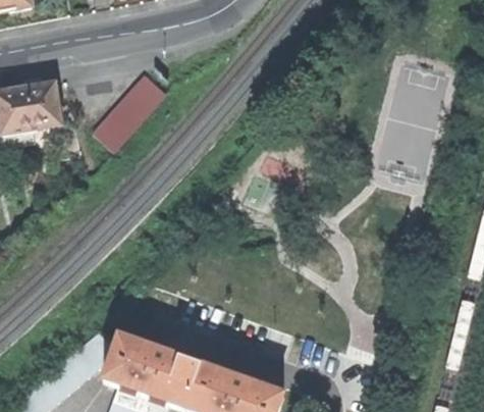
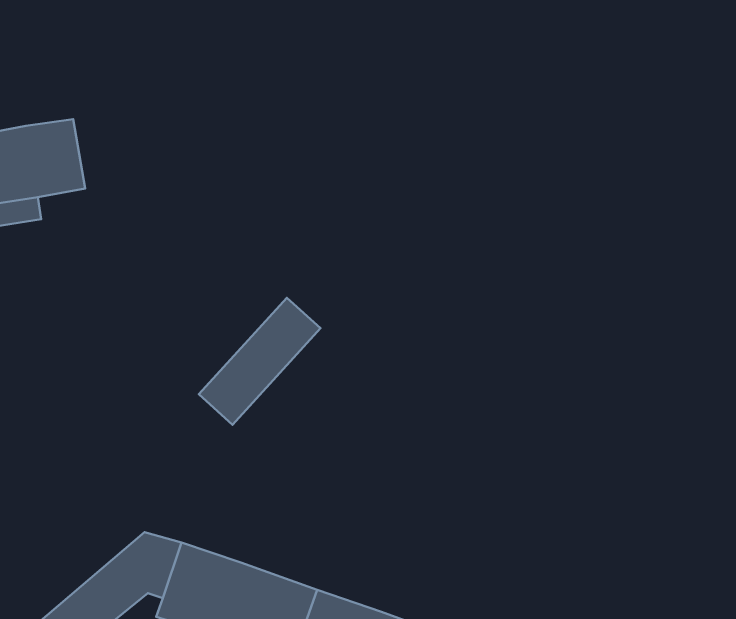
building: [94,72,167,149] -> [199,298,321,425]

